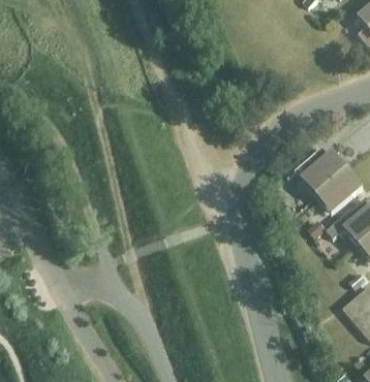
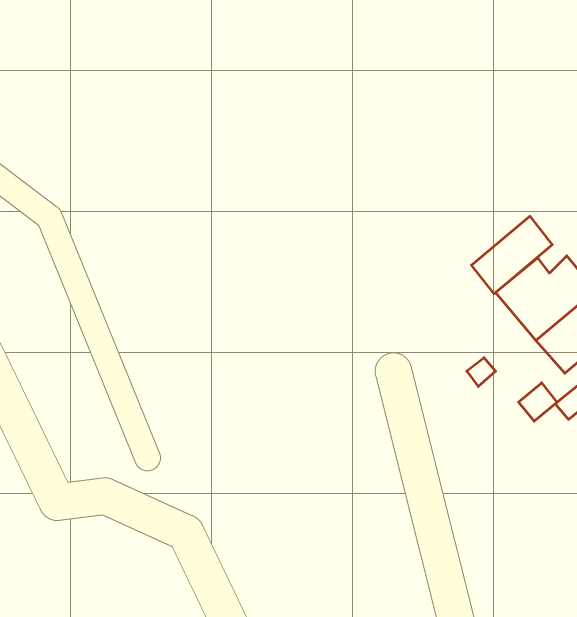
building: none -> [471,216,552,294]

